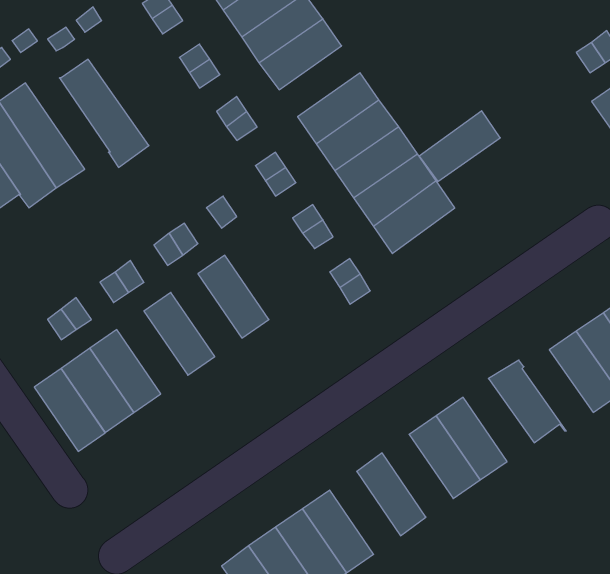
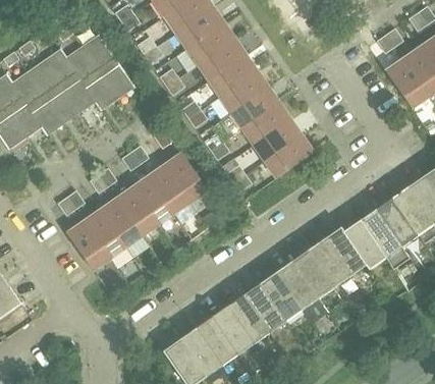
building: none -> [81,35,134,98]
building: none -> [197,38,246,80]
building: none -> [44,49,95,112]
building: [419,111,500,182] -> [265,135,314,178]
building: none -> [164,153,207,203]
building: none -> [131,175,174,225]
building: none -> [343,221,386,270]
building: [34,369,105,451] -> [99,198,142,248]
building: none -> [308,238,350,288]
building: none -> [259,272,302,322]
building: none -> [227,294,270,344]

